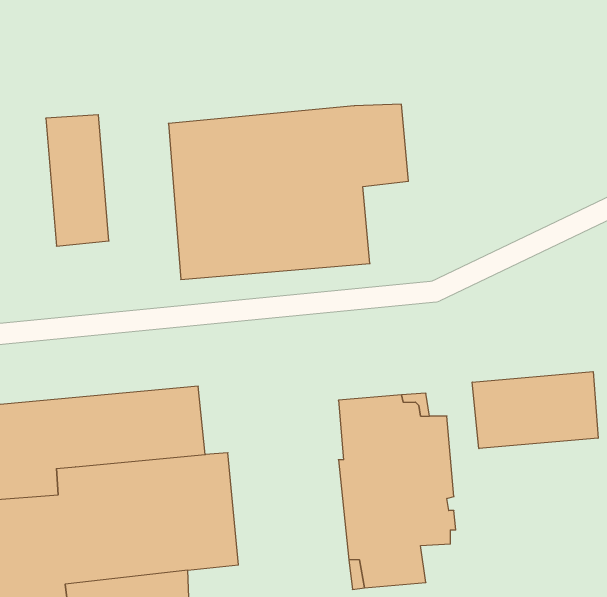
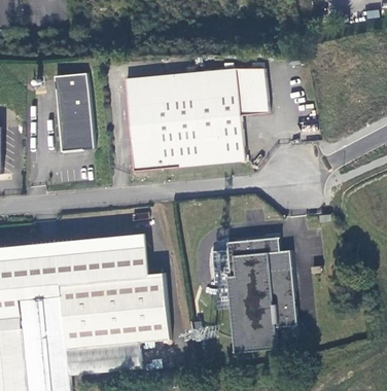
building: [472,372,598,449] -> none

